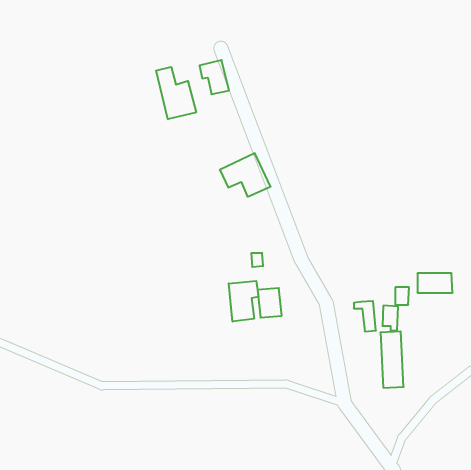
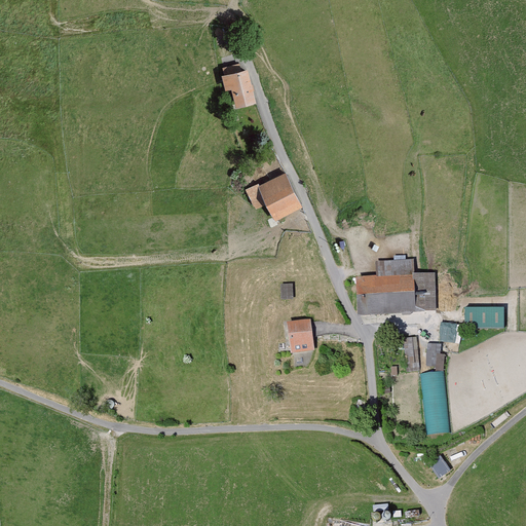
building: [156,67,196,119] -> none
building: none -> [356,260,437,315]
building: [229,281,258,322] -> none

